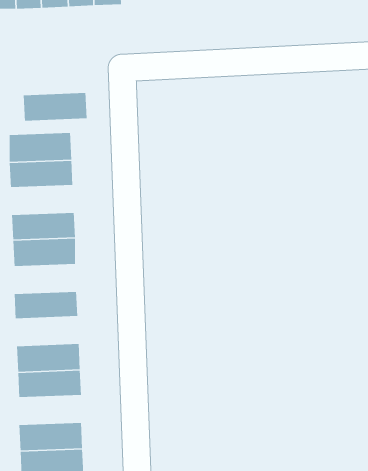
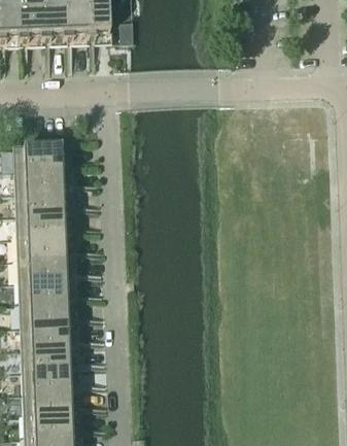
building: [23,92,87,121] -> [14,183,69,208]
building: none -> [18,250,71,275]
building: none -> [19,295,73,319]
building: none -> [22,362,75,386]

